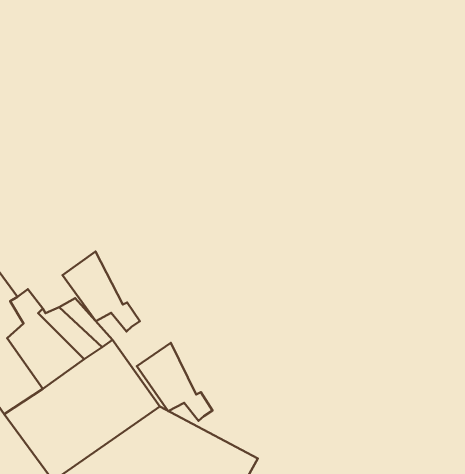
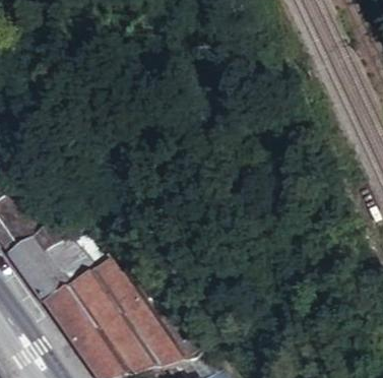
building: [63,252,140,331] -> none
building: [137,343,212,421] -> none

